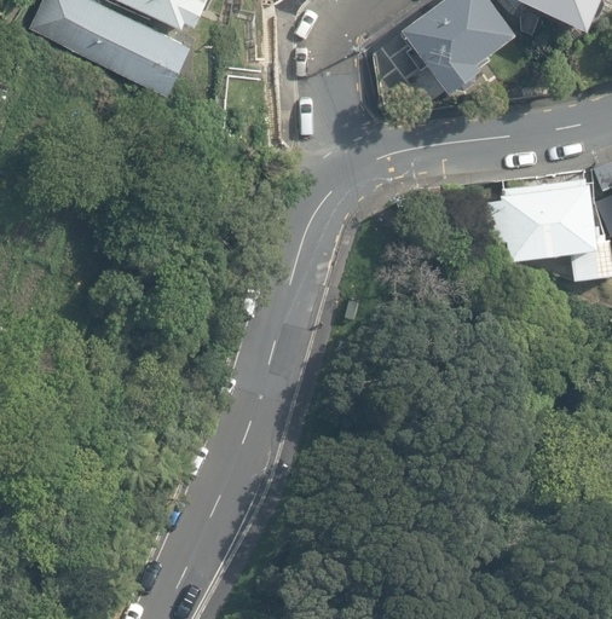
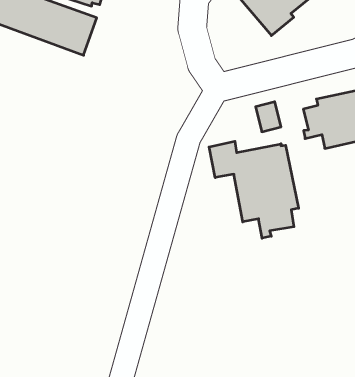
building: none -> [209,141,299,238]

